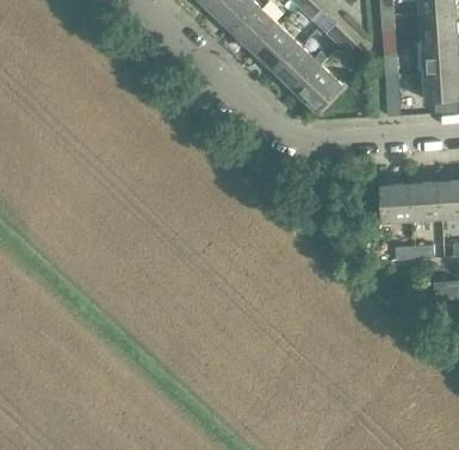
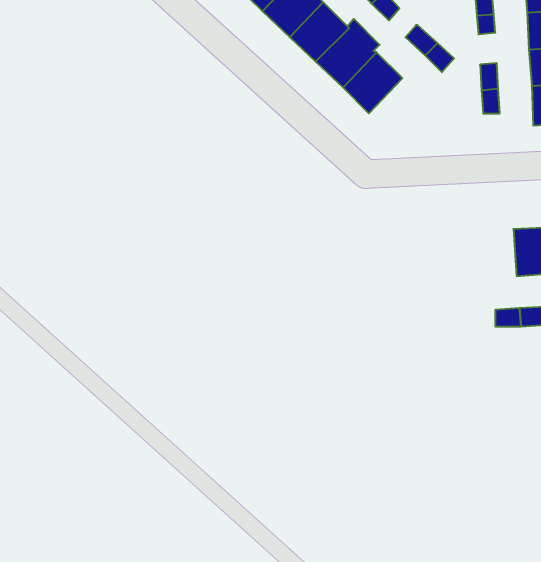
building: [294,65,342,113] -> none
building: [378,183,410,221] -> none

